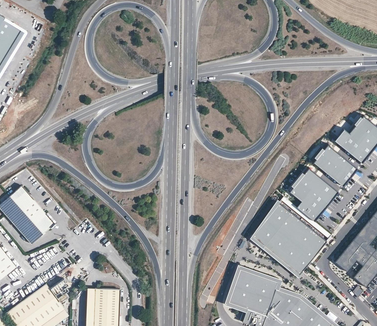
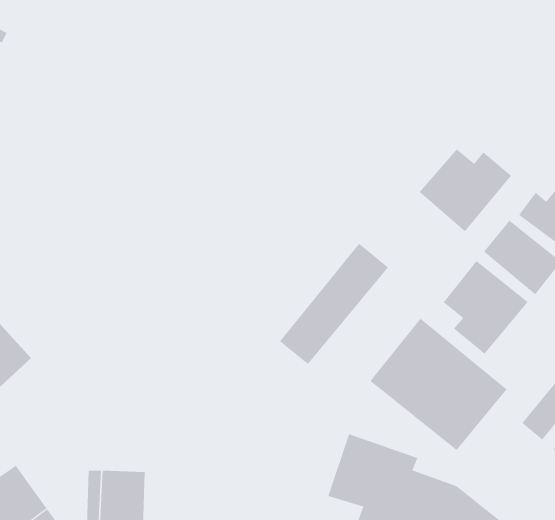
building: none -> [419,148,512,232]
building: none -> [279,243,389,365]

